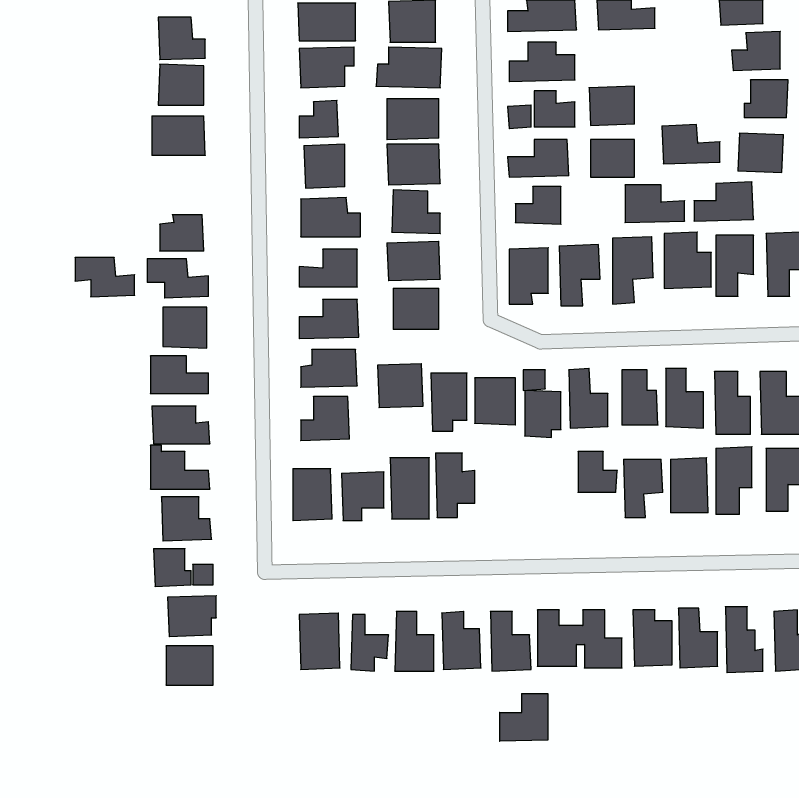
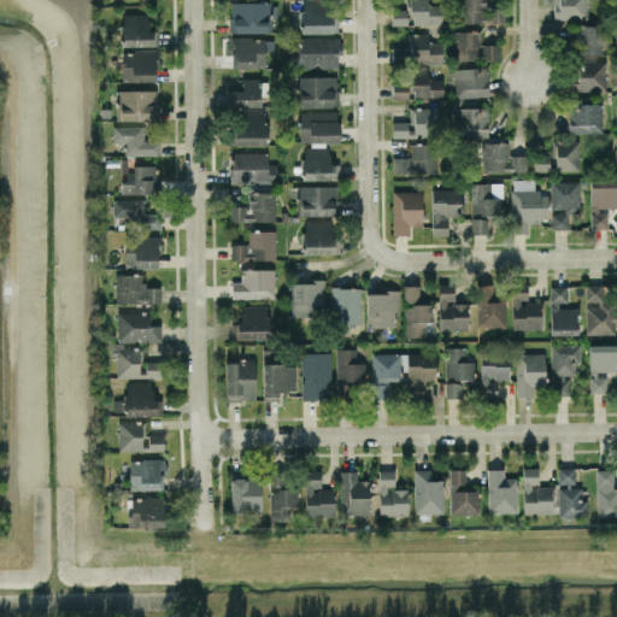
building: [662,125,720,164] -> [454,33,499,63]
building: [75,258,135,297] -> [114,128,160,158]
building: none -> [372,354,436,399]
building: [500,694,548,741] -> none

